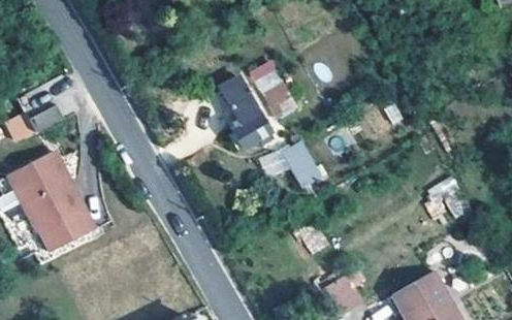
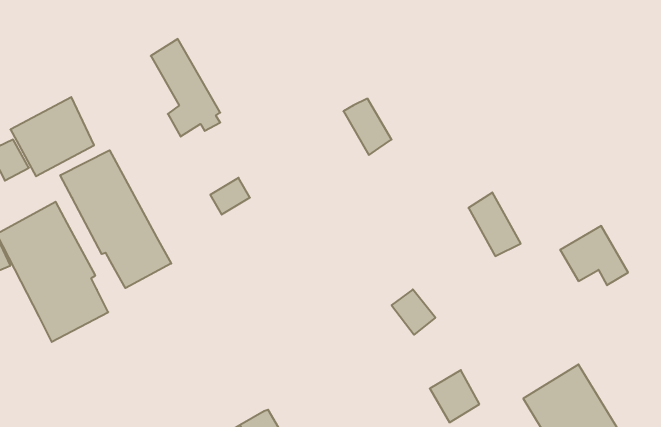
building: [221,76,271,148] -> [151,39,220,137]
building: none -> [60,150,171,288]
building: [284,138,322,185] -> [468,192,521,256]

